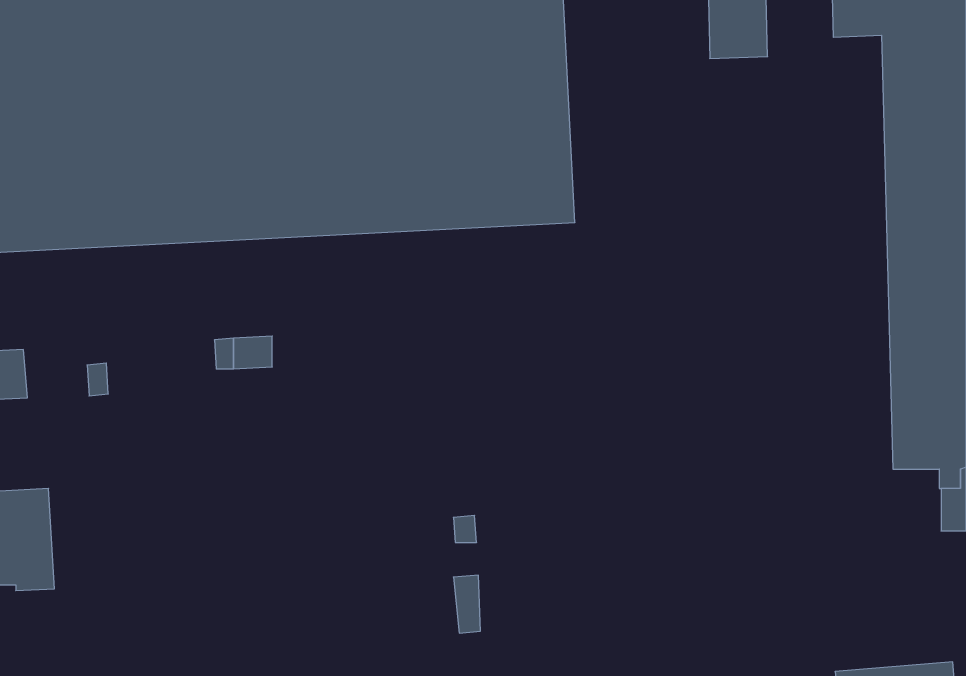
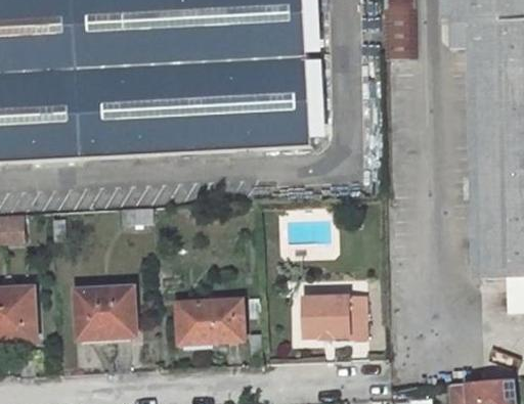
building: none -> [78,286,137,339]
building: none -> [304,295,368,339]
building: none -> [179,299,246,341]

